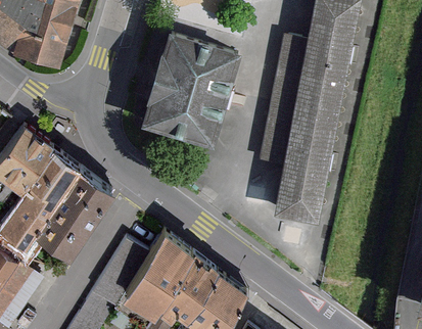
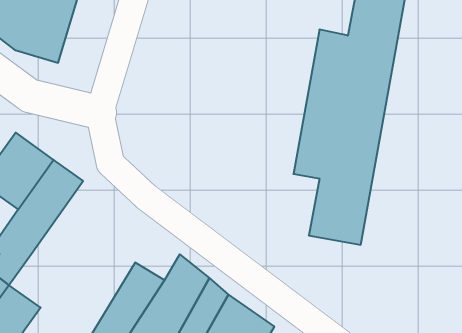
building: [143,37,240,148] -> none
building: [34,169,114,257] -> none

